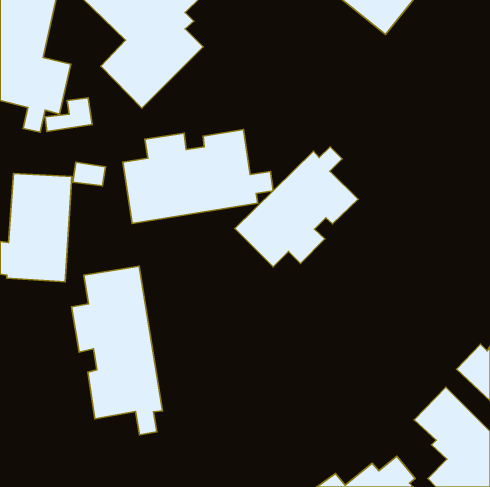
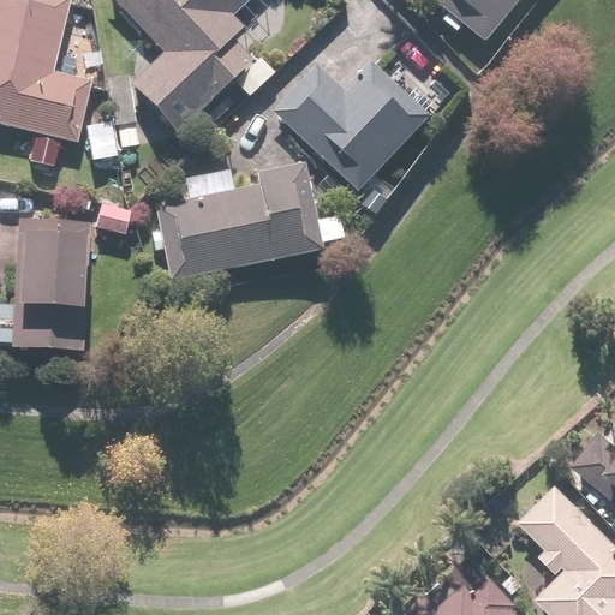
building: none -> [276,60,432,190]
building: [235,147,358,267] -> none
building: [71,266,162,435] -> none

